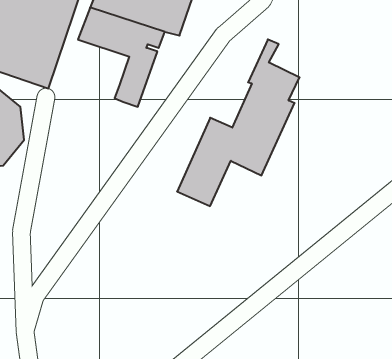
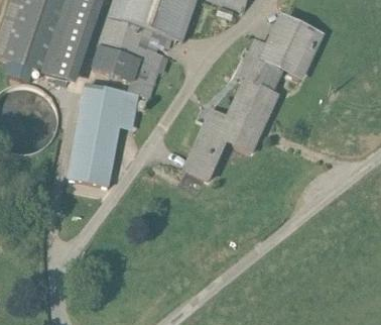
building: none -> [256,18,320,82]
building: none -> [91,42,141,80]
building: none -> [71,86,136,180]

